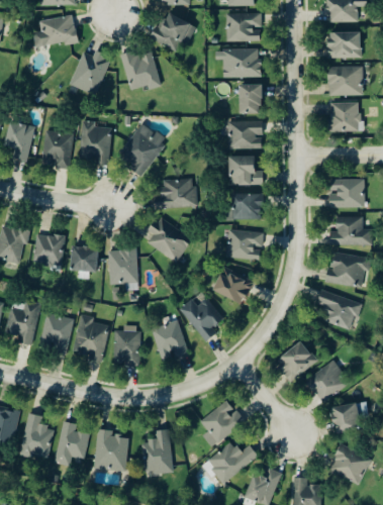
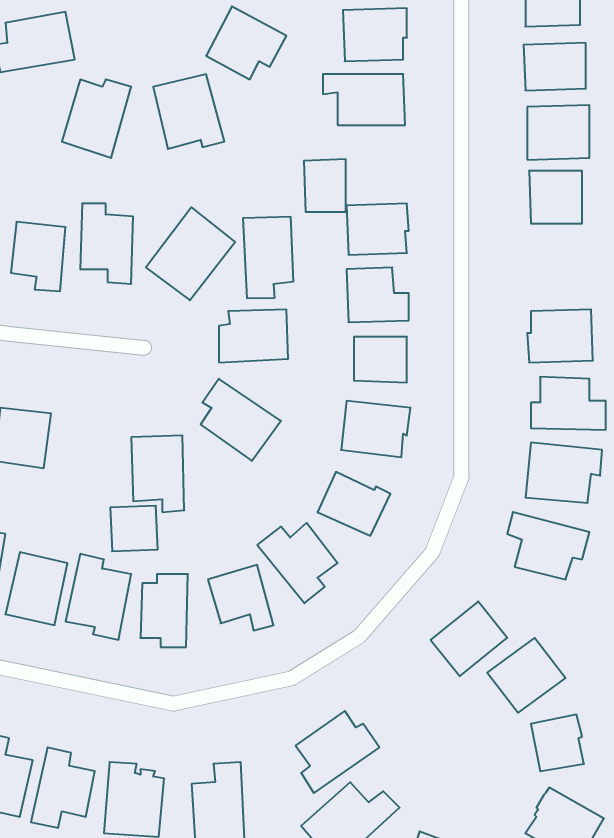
building: [238,84,262,113] -> [304,159,346,212]
building: none -> [243,217,293,298]
building: [71,246,97,272] -> [110,506,158,551]

